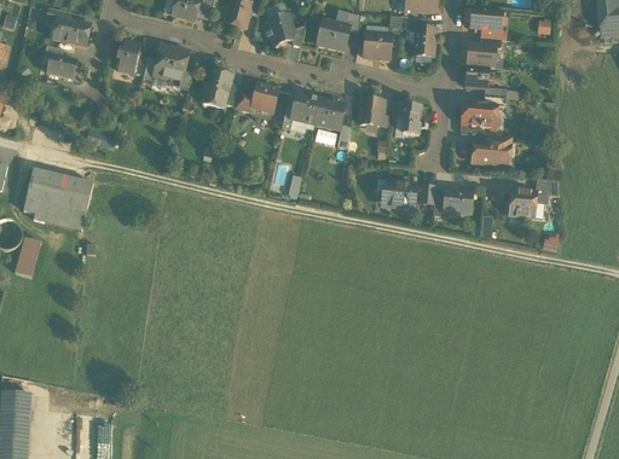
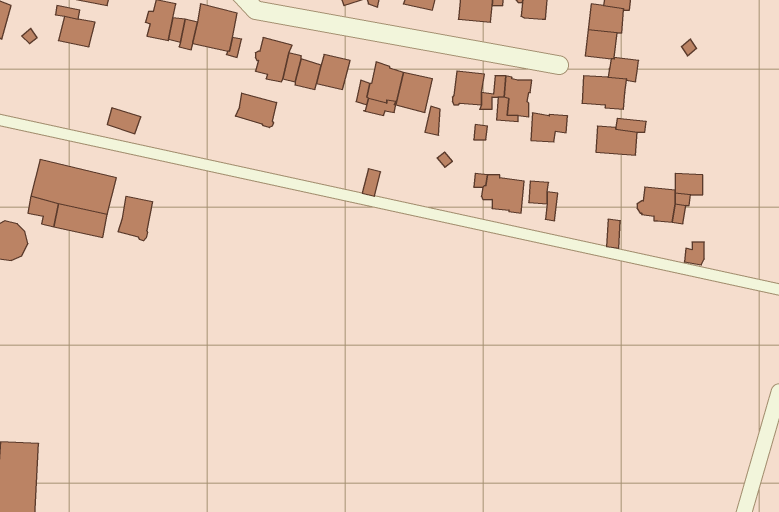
building: none -> [236,93,277,128]
building: [444,190,473,213] -> [531,113,568,142]
building: none -> [118,196,152,241]
building: [15,237,41,277] -> none

